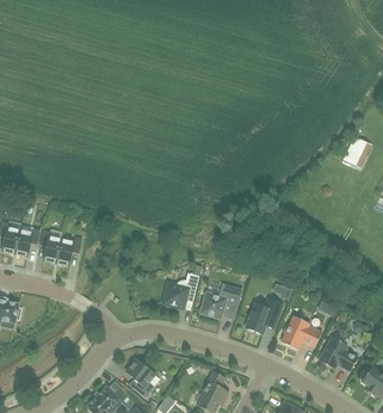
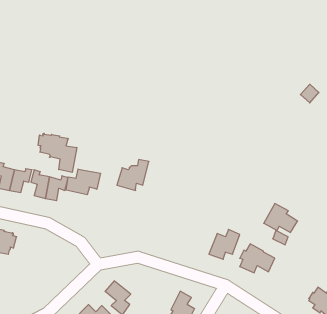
building: none -> [38,133,77,172]
building: none -> [66,169,100,195]
building: [161,272,198,308] -> [117,160,149,190]
building: [198,283,241,318] -> none
building: [317,337,357,370] -> [264,204,298,232]

